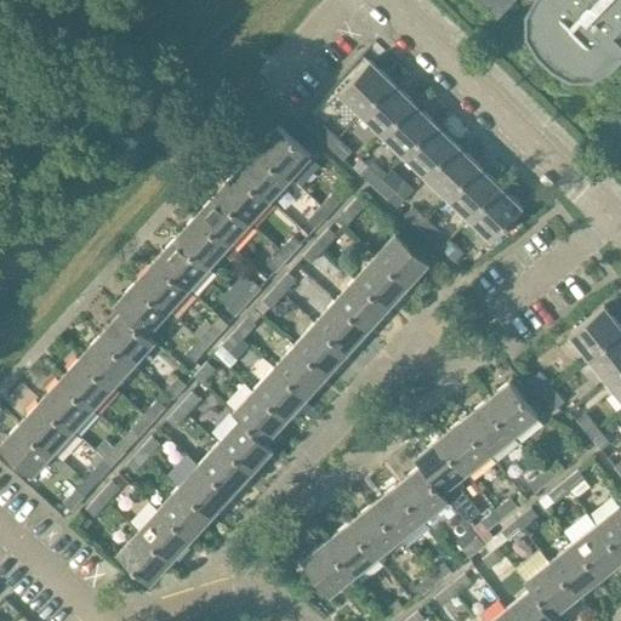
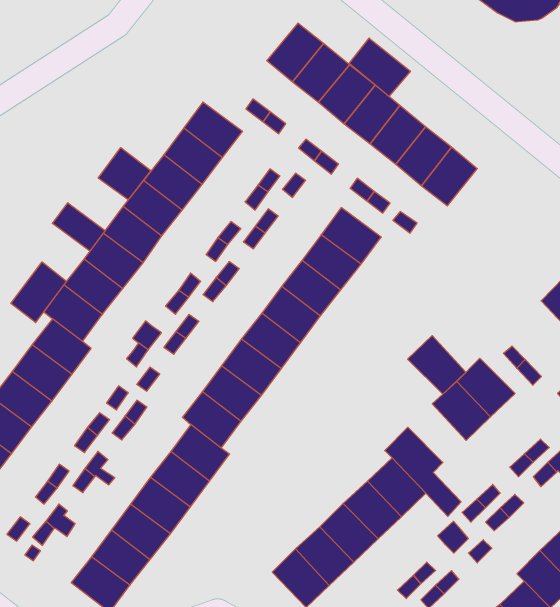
building: none -> [349,38,410,96]
building: none -> [98,148,151,200]
building: none -> [52,203,105,251]
building: none -> [11,262,67,323]
building: [438,422,490,477] -> [408,336,466,394]

